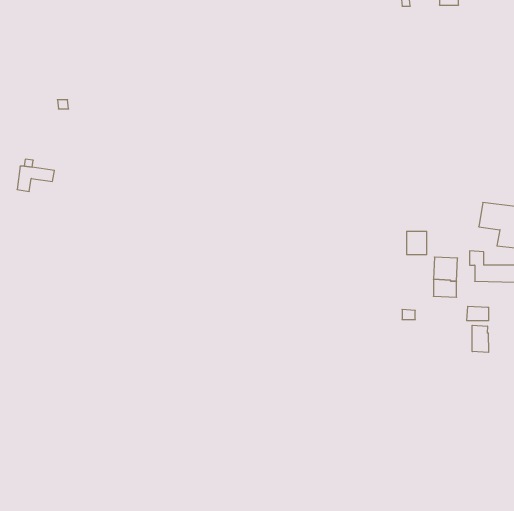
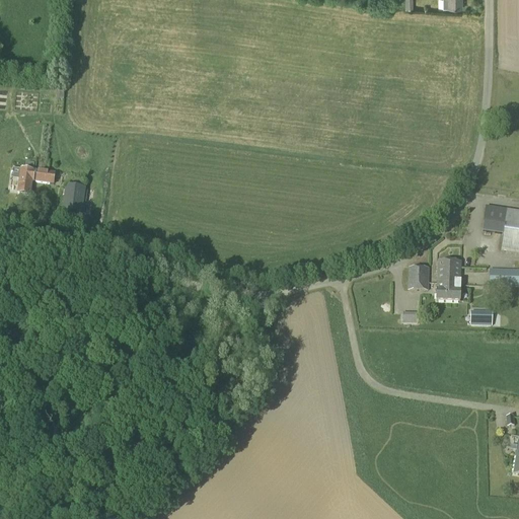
building: none -> [65,183,84,211]
building: [407,231,427,255] -> [409,265,429,288]
building: [472,325,488,352] -> none

